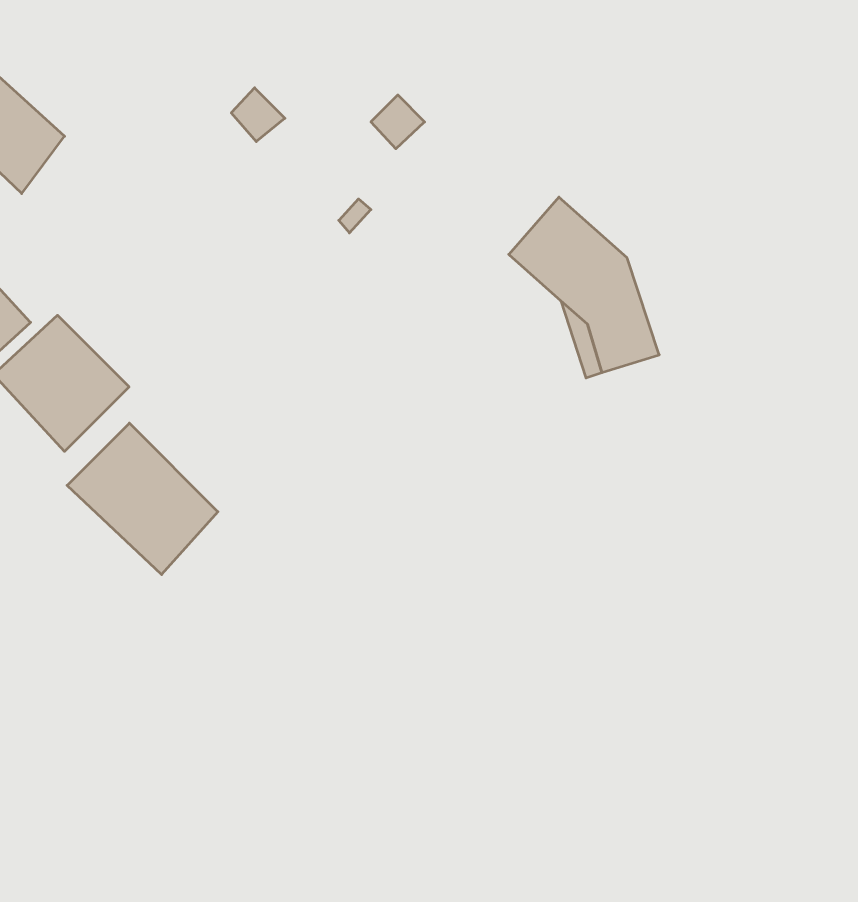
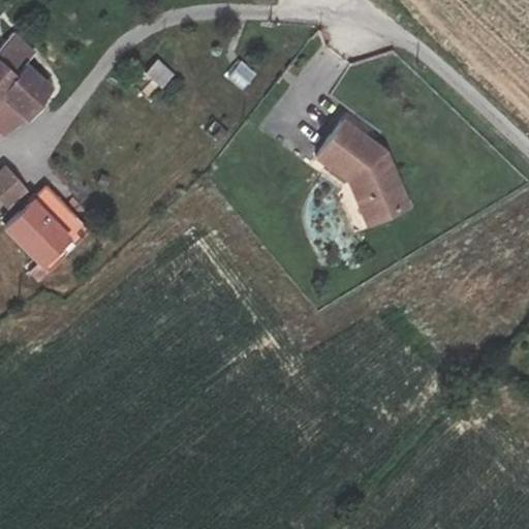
building: [67,423,218,575] -> none

